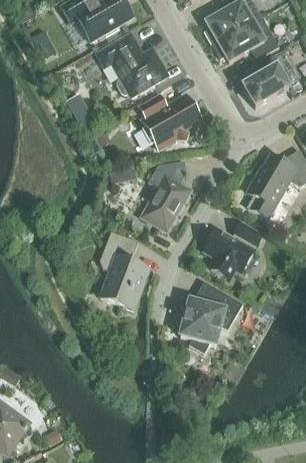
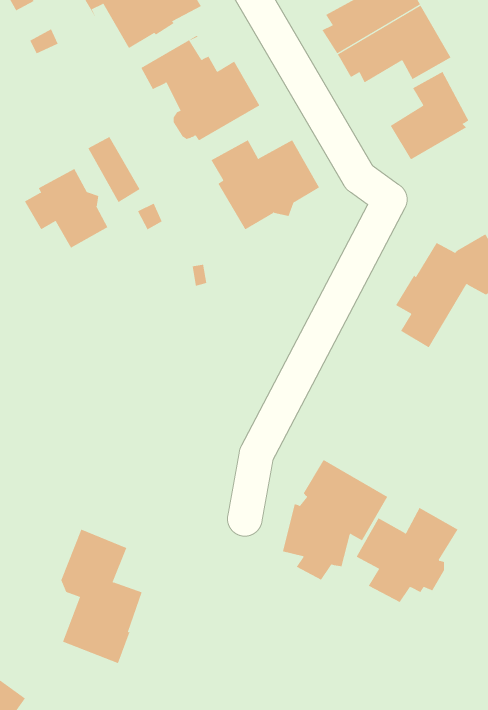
building: none -> [24,168,108,248]
building: [142,161,189,230] -> none
building: [203,222,263,278] -> [356,507,458,603]
building: [99,231,147,310] -> [60,529,142,664]

